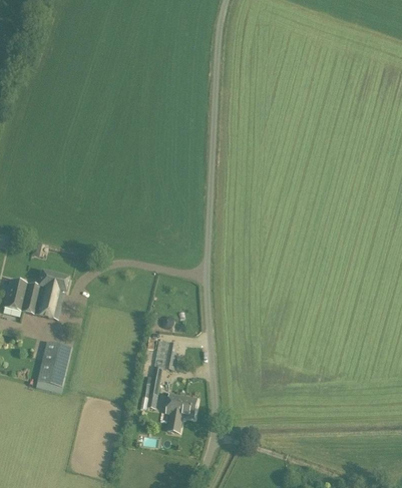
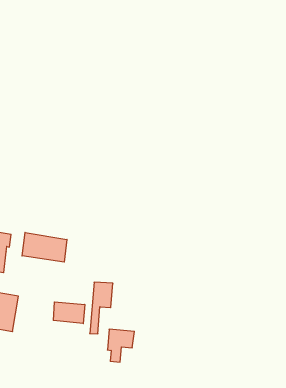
building: none -> [22,232,67,262]
building: none -> [53,302,85,324]

